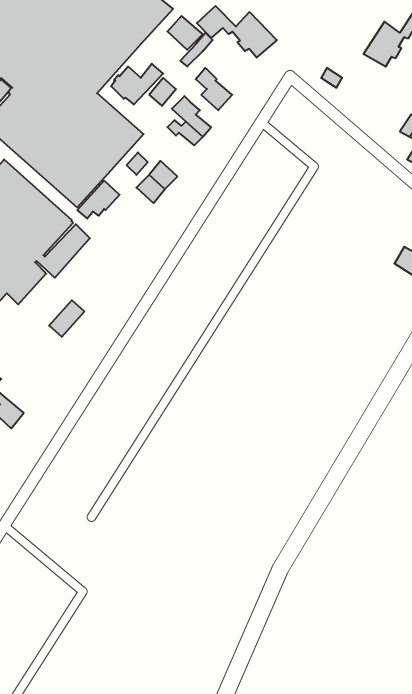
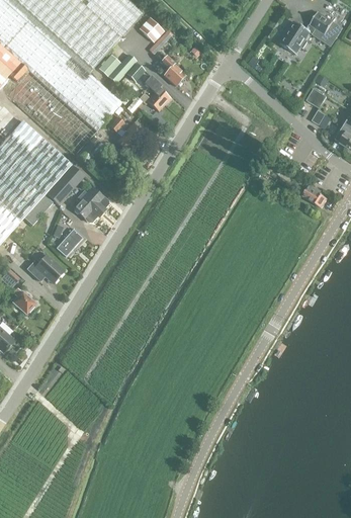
building: [197,6,277,58] -> none
building: none -> [74,187,106,221]
building: none -> [27,255,64,283]

